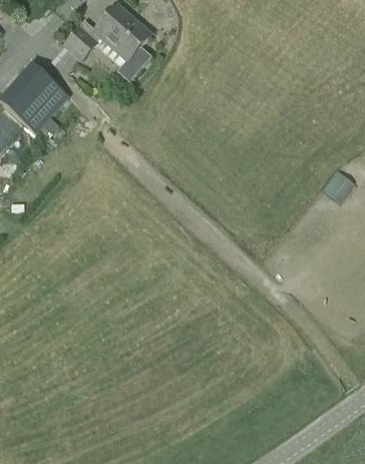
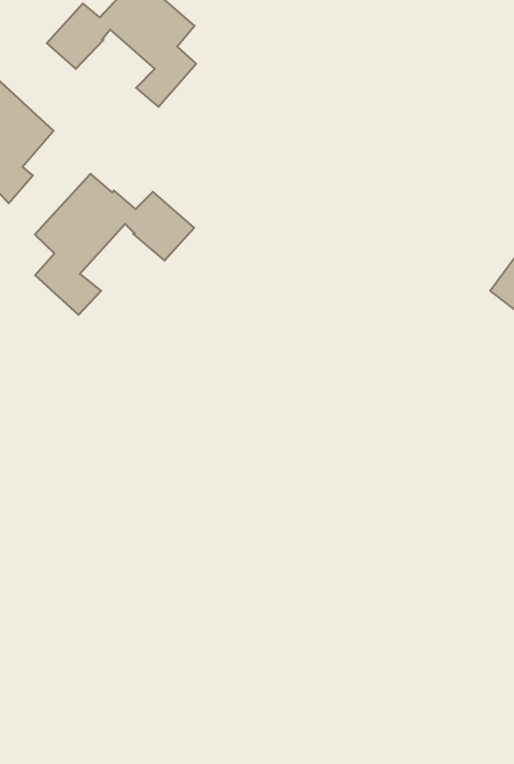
building: none -> [35,174,194,315]

